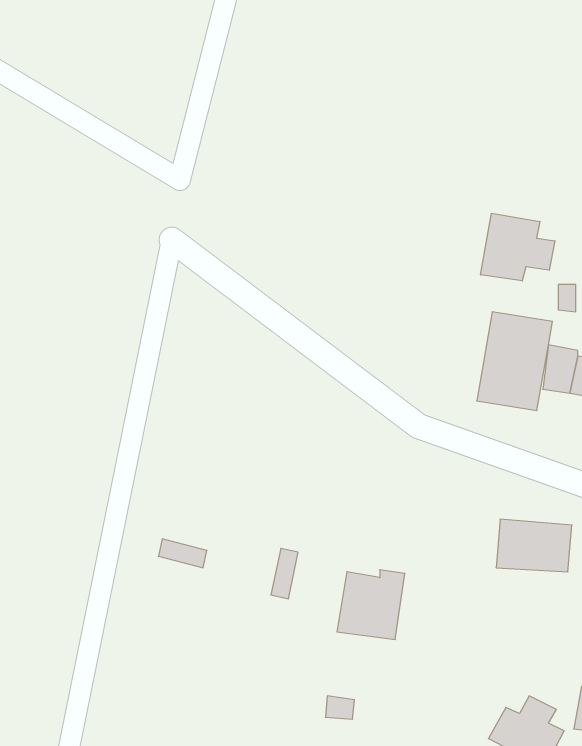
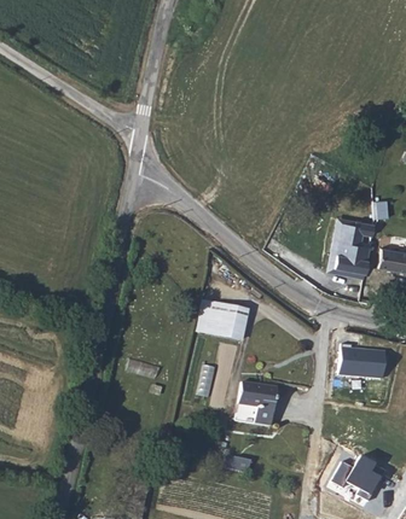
building: [481,213,555,281] -> none
building: none -> [208,302,249,338]

